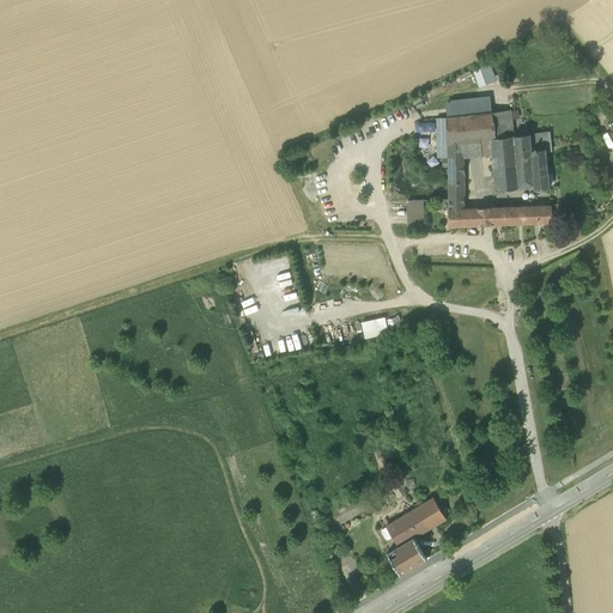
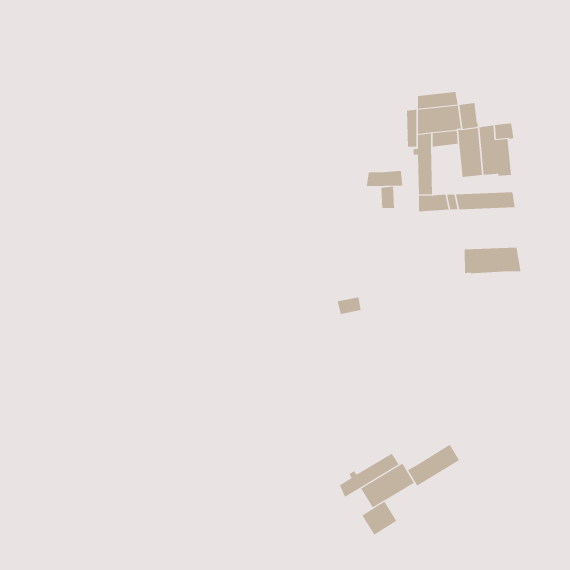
building: none -> [366,170,403,187]
building: none -> [464,247,521,274]
building: none -> [407,444,460,487]
building: none -> [339,453,400,498]

